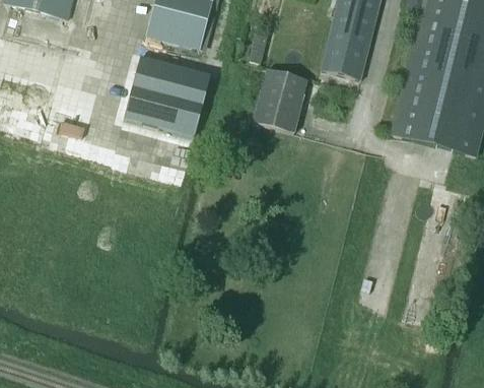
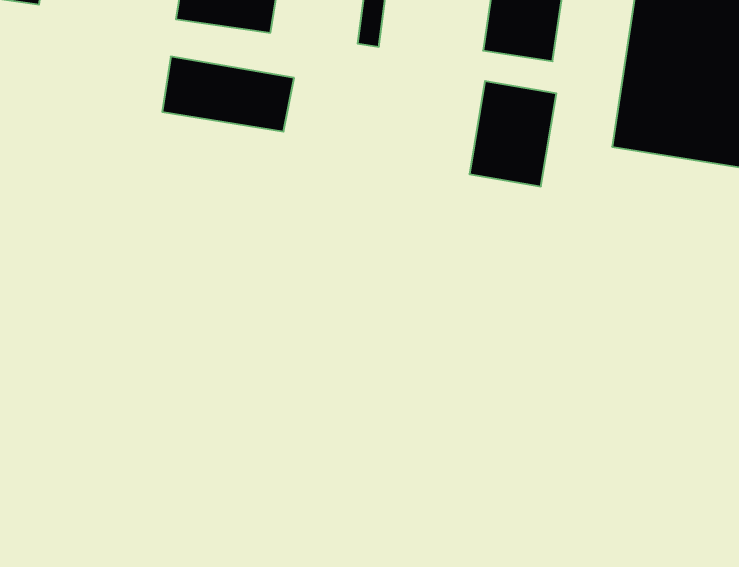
building: [253,68,307,132] -> [469,81,556,186]
building: [124,87,201,137] -> none

